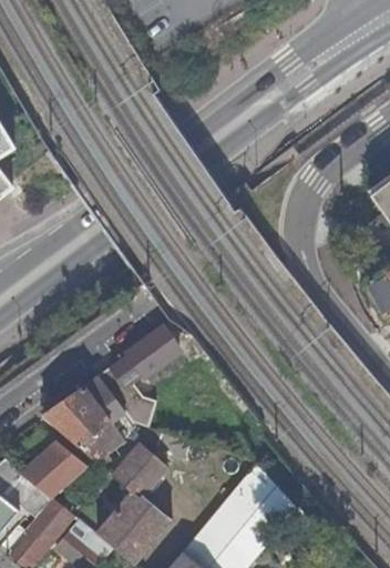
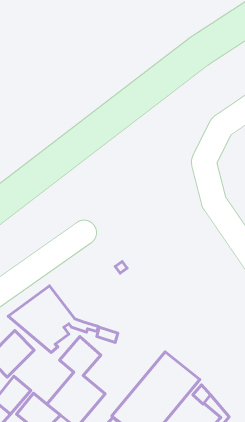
building: [99,329,179,426] -> none

